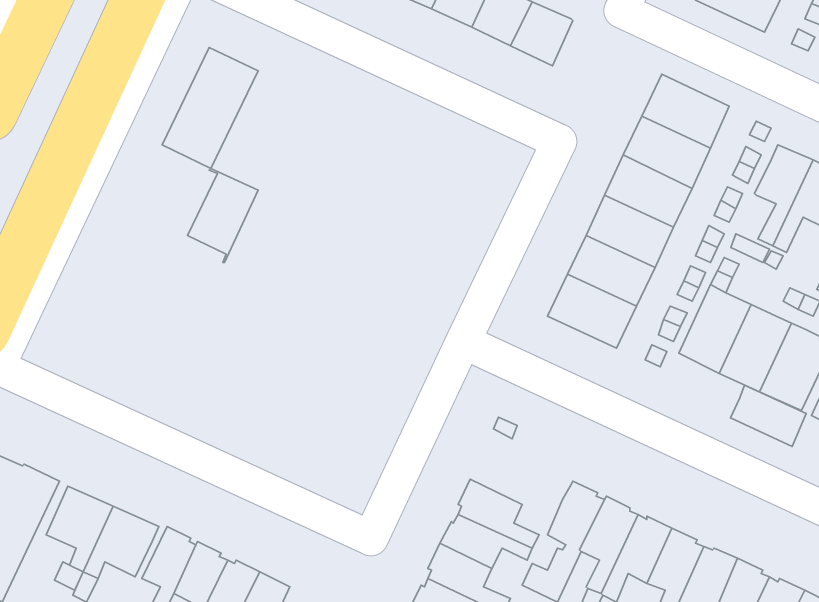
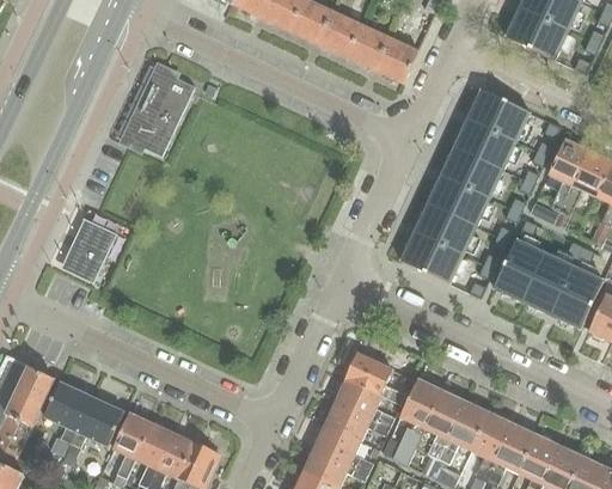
building: [187,168,258,262] -> [66,216,116,283]
building: [731,385,806,446] -> none
building: none -> [344,353,404,403]

